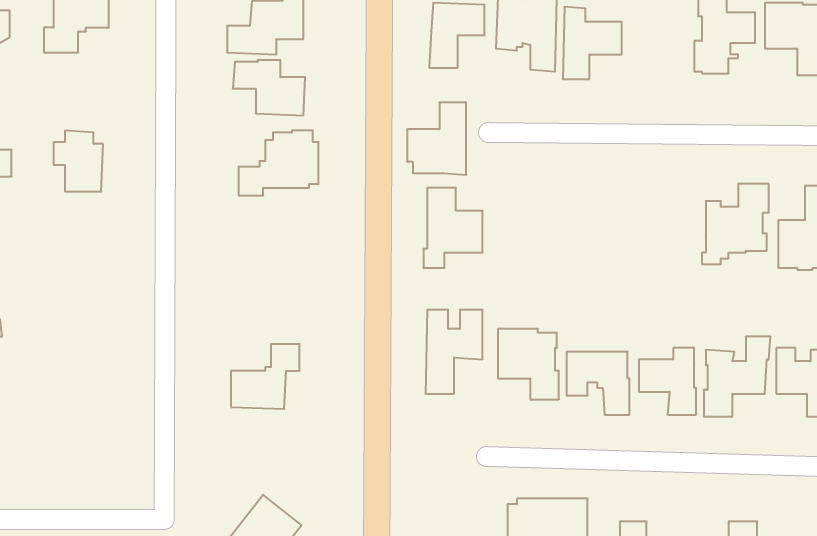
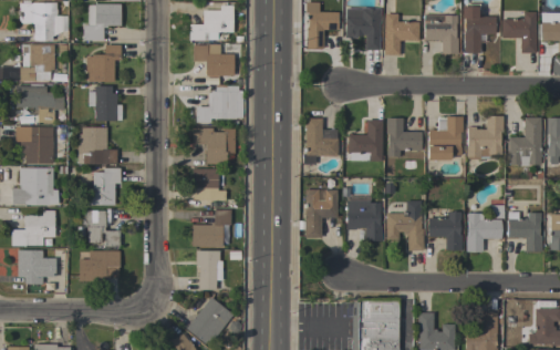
building: none -> [424,14,458,54]
building: none -> [86,44,121,82]
building: [407,102,466,175] -> [348,120,382,162]
building: none -> [427,116,463,159]
building: none -> [386,119,422,157]
building: none -> [79,127,117,164]
building: none -> [193,127,235,164]
building: none -> [80,168,120,205]
building: none -> [193,168,226,199]
building: none -> [85,210,120,246]
building: none -> [196,250,222,290]
building: none -> [79,251,120,281]

